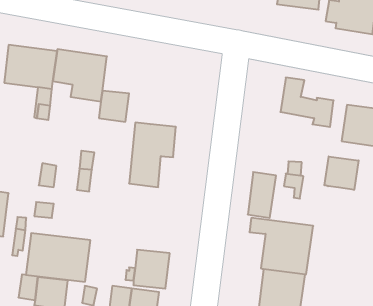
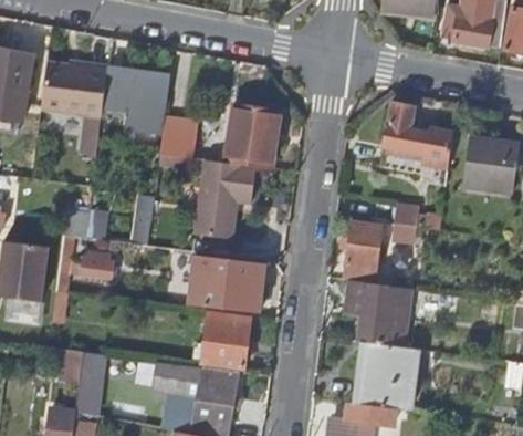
building: none -> [223,102,278,167]
building: [324,156,359,190] -> none
building: [26,233,90,282] -> [182,253,263,314]

